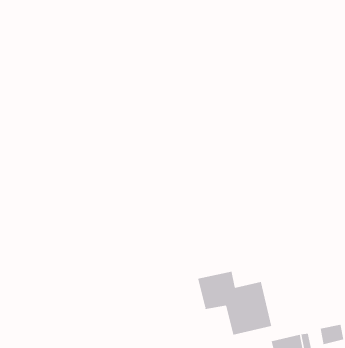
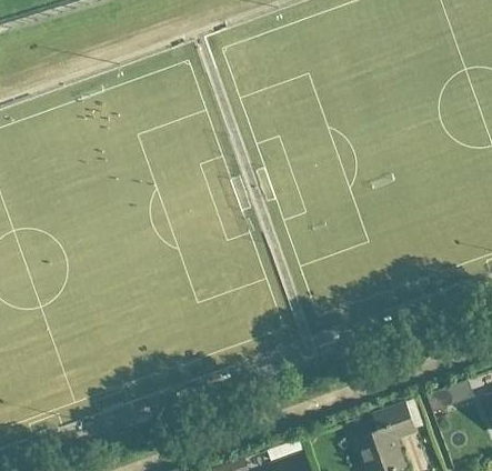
building: [198,271,272,335] -> none

